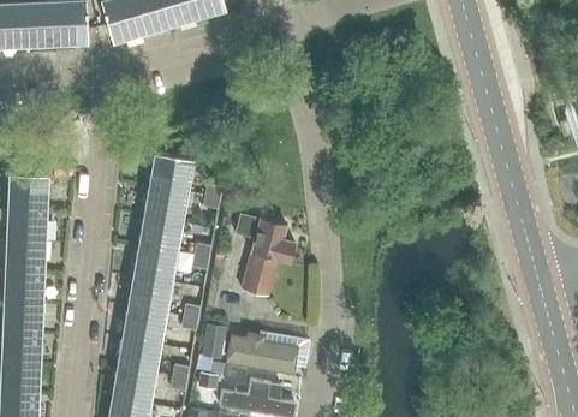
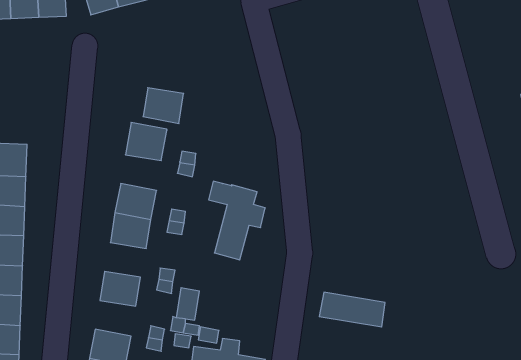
building: [144,187,186,225] -> [143,88,184,124]
building: [127,279,171,315] -> none
building: [227,334,296,370] -> [319,292,385,327]
building: [118,339,160,376] -> none

